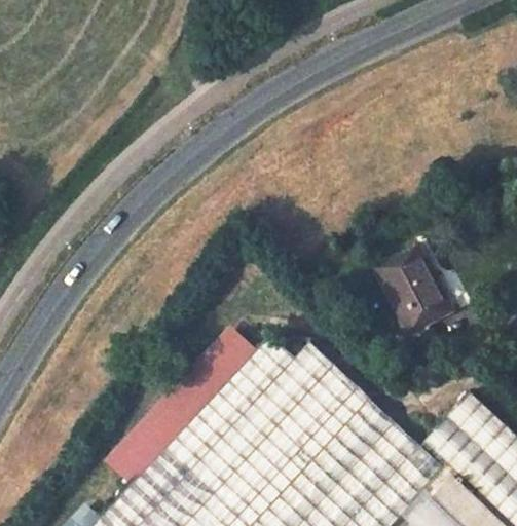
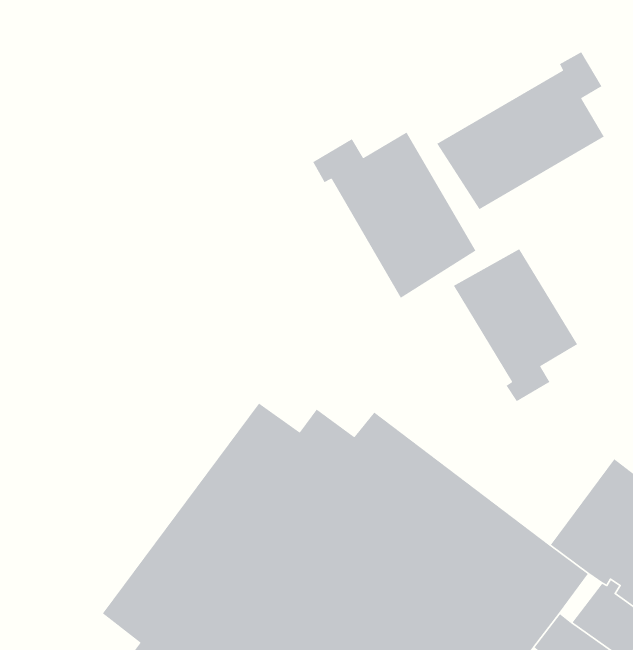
building: none -> [436,51,605,210]
building: none -> [312,132,476,299]

